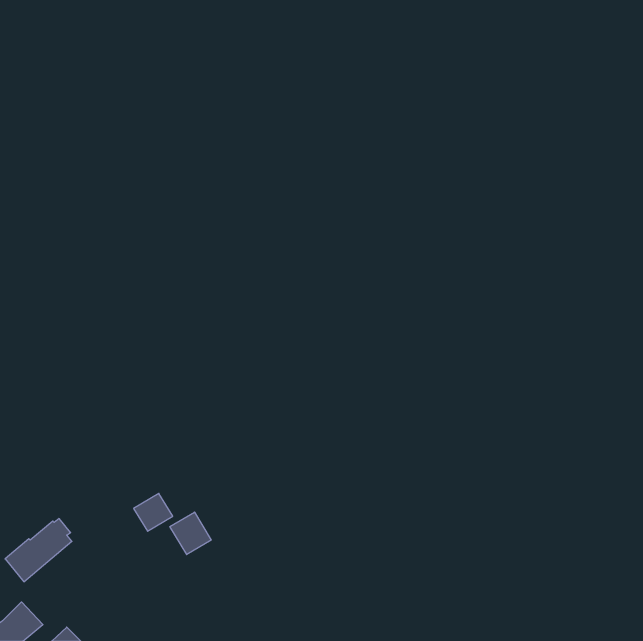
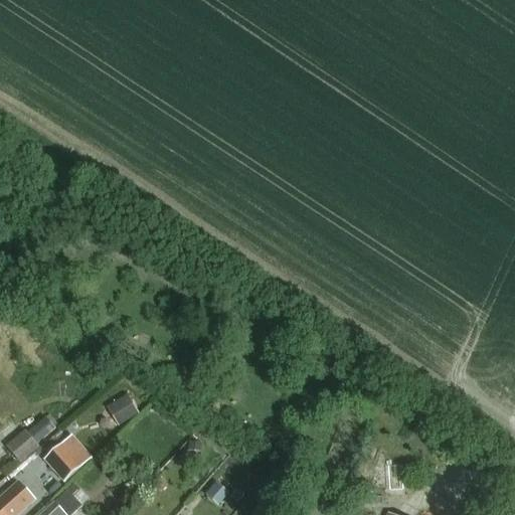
building: [170,512,211,555] -> none
building: none -> [43,442,82,481]

